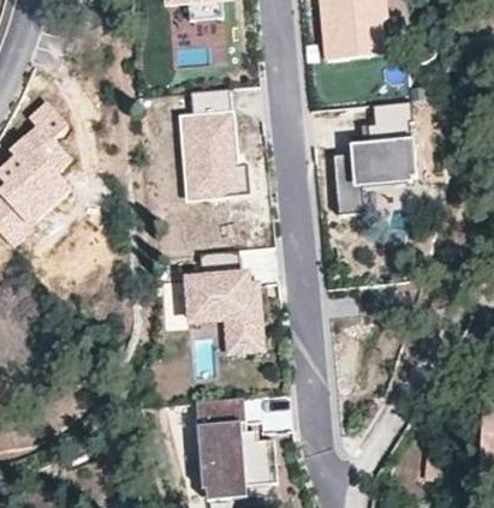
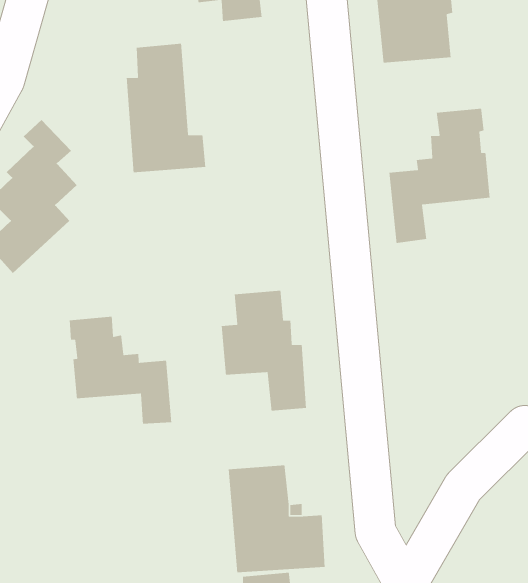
building: [183,90,250,199] -> [126,43,206,173]
building: none -> [69,316,172,424]

